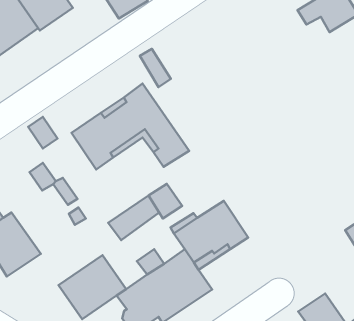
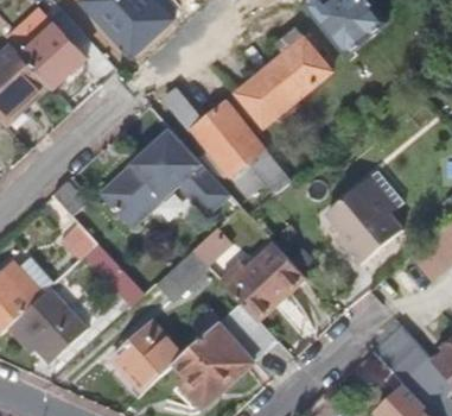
building: none -> [242,33,322,121]
building: none -> [192,101,292,208]
building: none -> [327,182,402,263]

